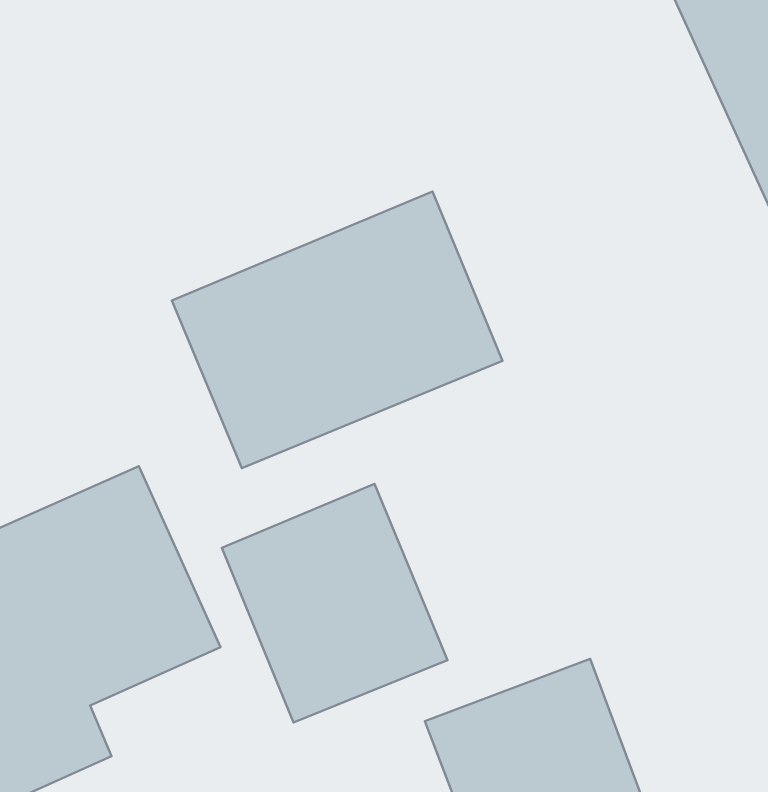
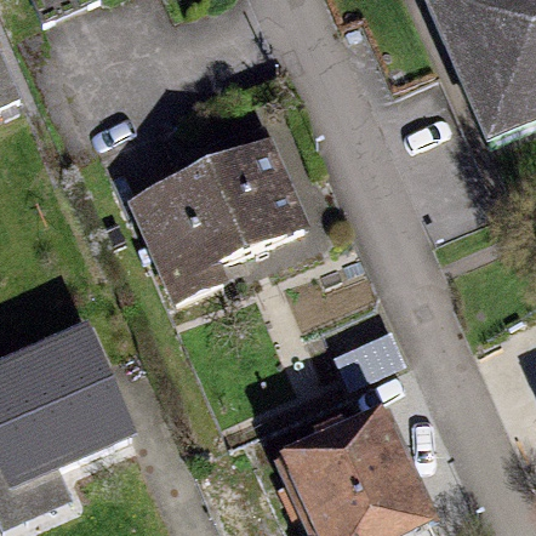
building: [222,484,448,723] -> none

